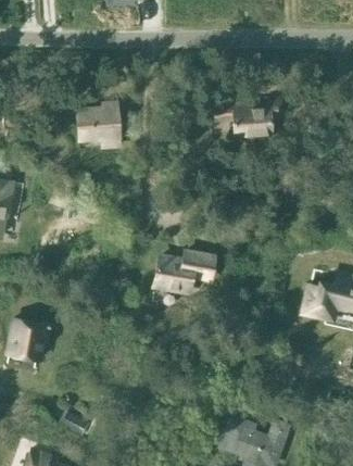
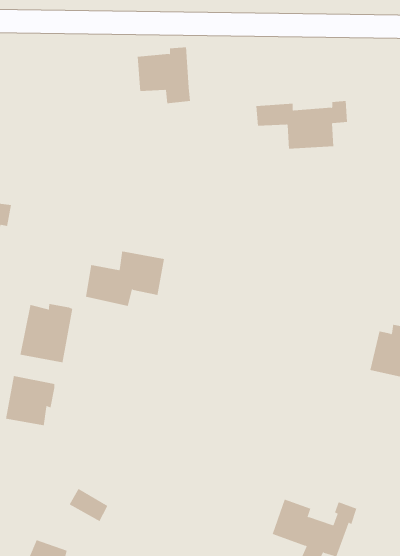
building: [77,104,121,150] -> [137,47,191,104]
building: [154,248,218,292] -> [85,251,165,306]
building: none -> [20,303,73,363]

